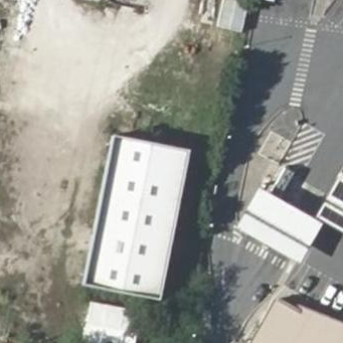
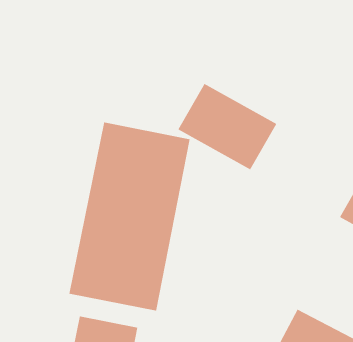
building: [236,187,323,263] -> [177,83,277,170]

